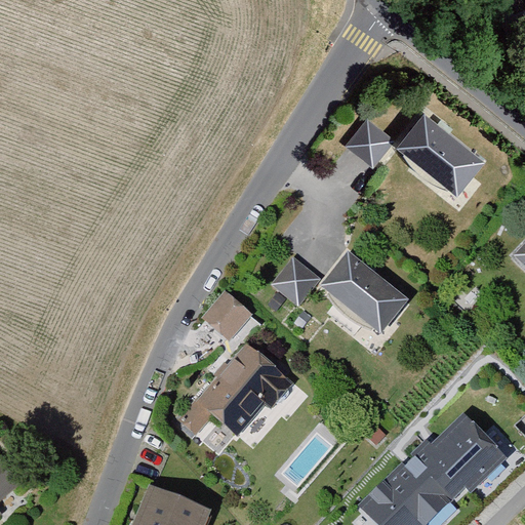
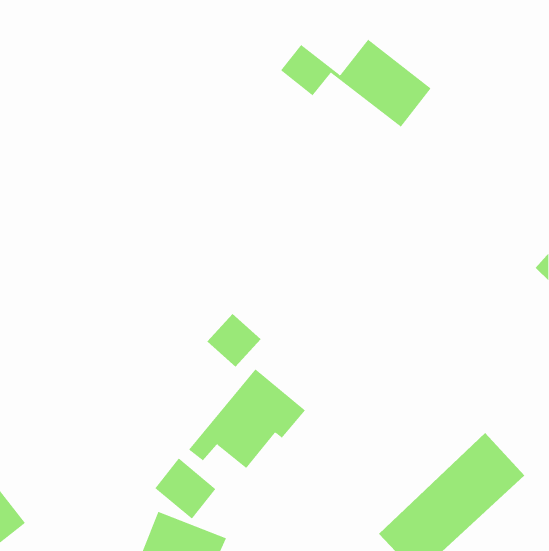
building: [341,112,485,196] -> [280,39,432,127]
building: [267,250,409,333] -> none
building: none -> [154,458,216,519]

